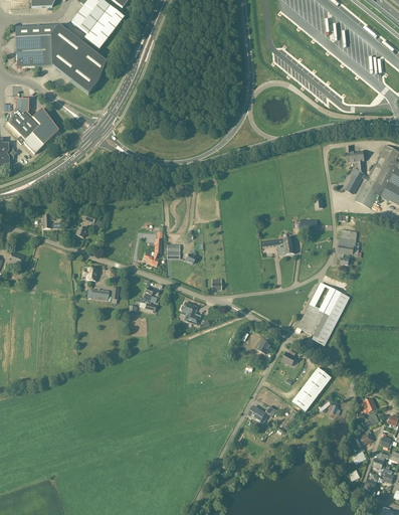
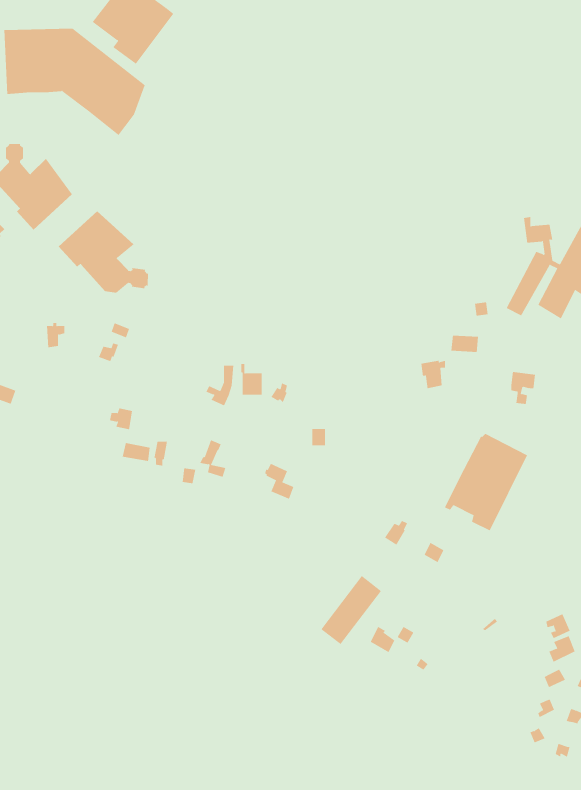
building: none -> [58,211,149,293]
building: [292,366,332,410] -> [320,575,382,645]

